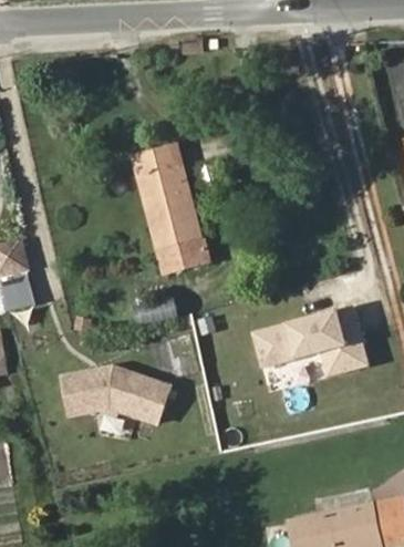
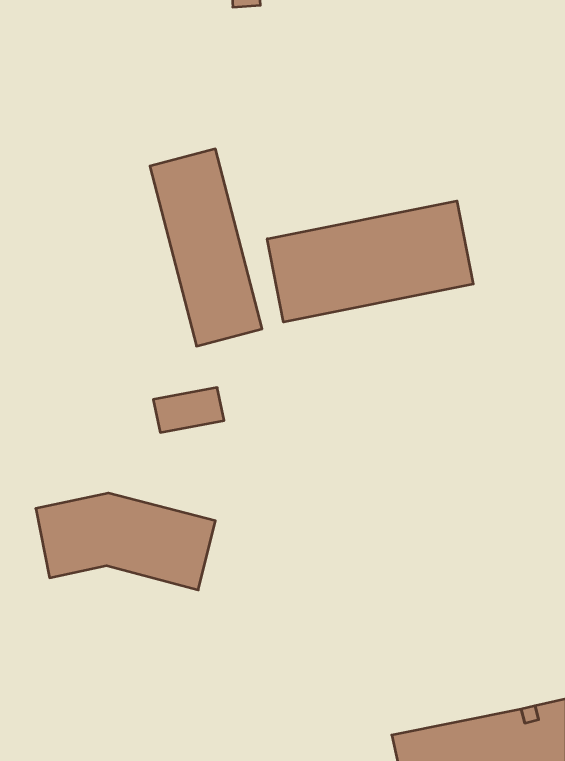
building: none -> [267,201,473,322]
building: [255,308,373,380] -> none

